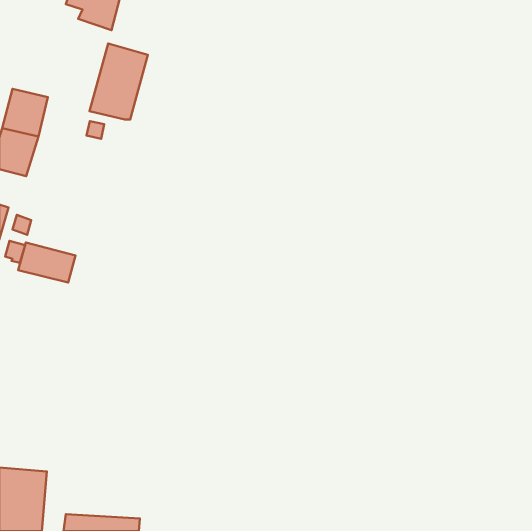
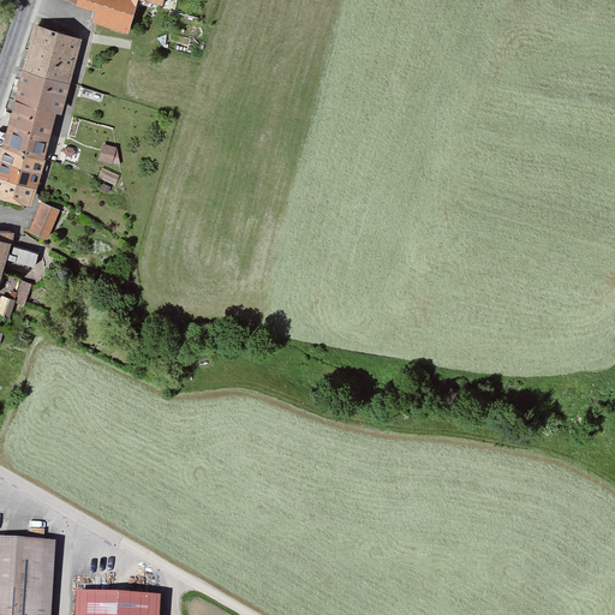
building: [90,43,148,120] -> [14,24,82,112]
building: none -> [28,201,56,237]
building: [18,242,75,283] -> none

